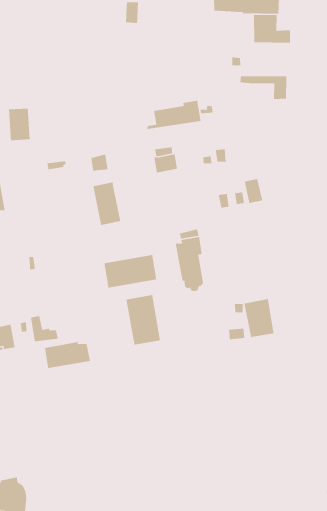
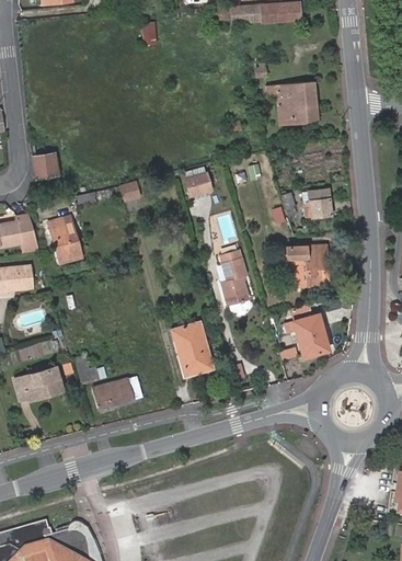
building: [253,14,291,43] -> [276,92,318,124]
building: [146,100,202,130] -> none
building: none -> [308,188,331,217]
building: [93,182,121,226] -> [48,216,81,263]
building: none -> [286,244,328,285]
building: [103,254,157,288] -> none

